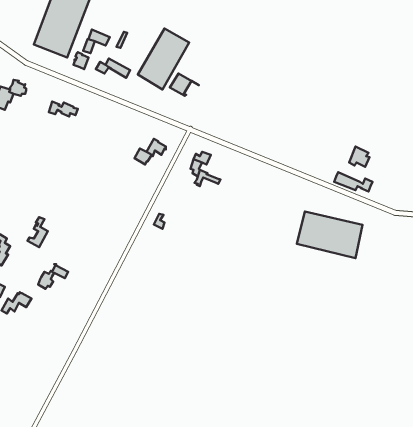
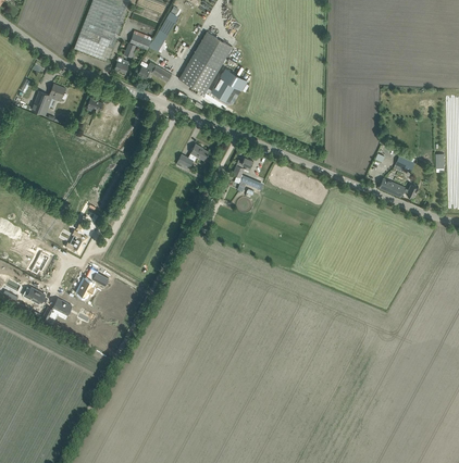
building: [297,212,363,258] -> none

